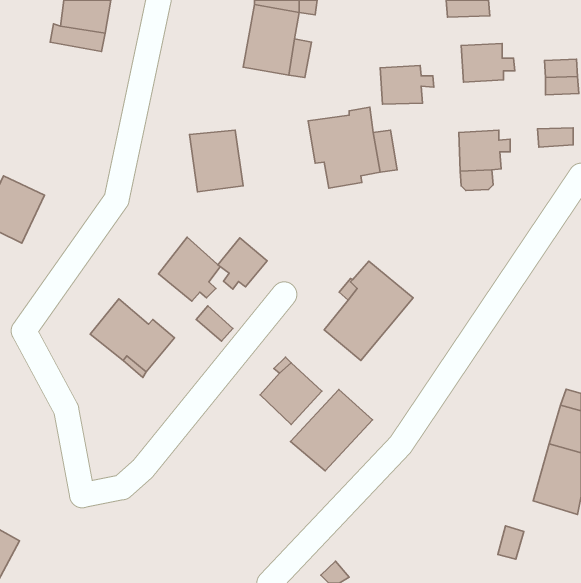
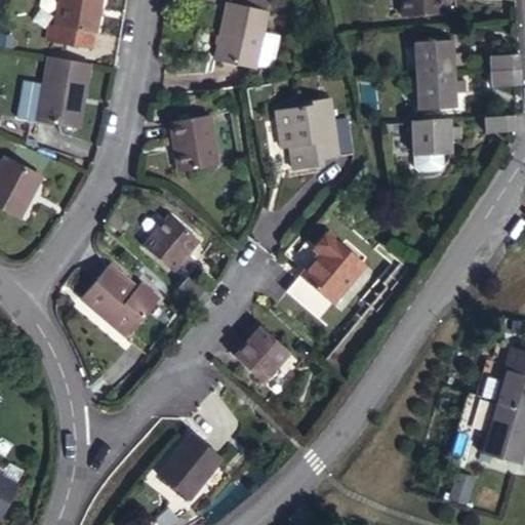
building: none -> [34,53,90,128]
building: [380,66,434,104] -> [416,72,465,107]
building: [218,238,267,289] -> none
building: [290,390,373,471] -> none
building: none -> [154,432,218,497]

